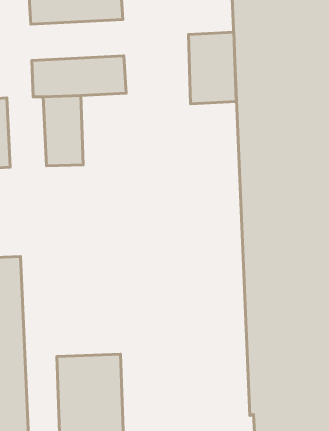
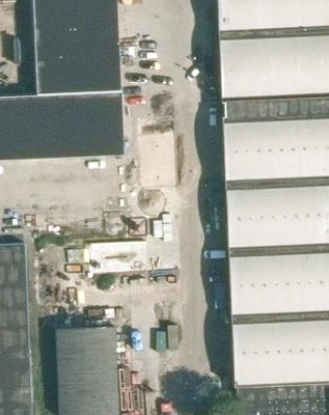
building: none -> [33,24,118,61]
building: [188,32,236,104] -> [79,91,122,157]
building: none -> [11,94,48,159]

